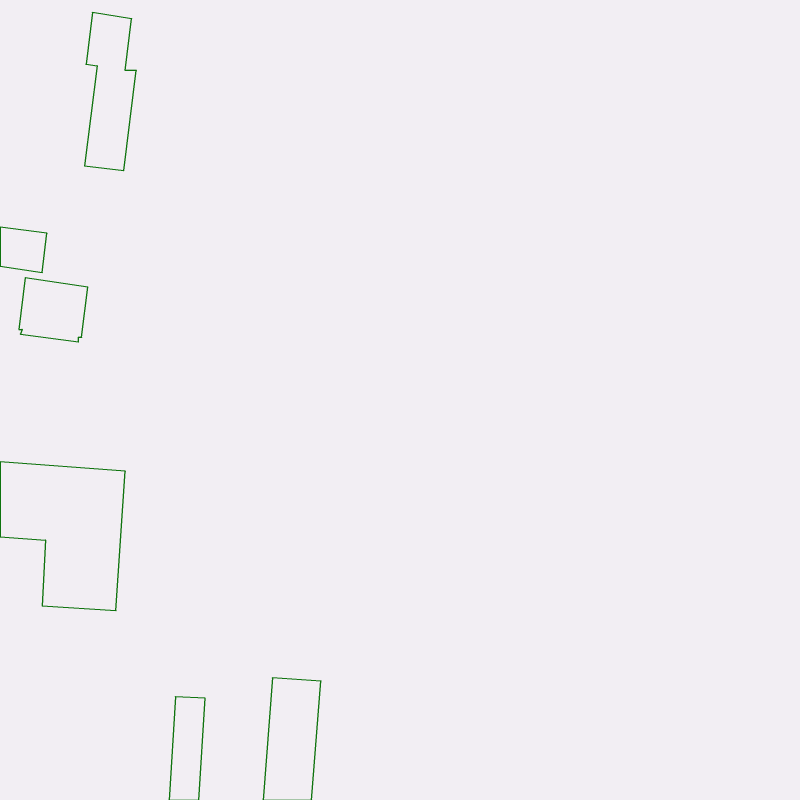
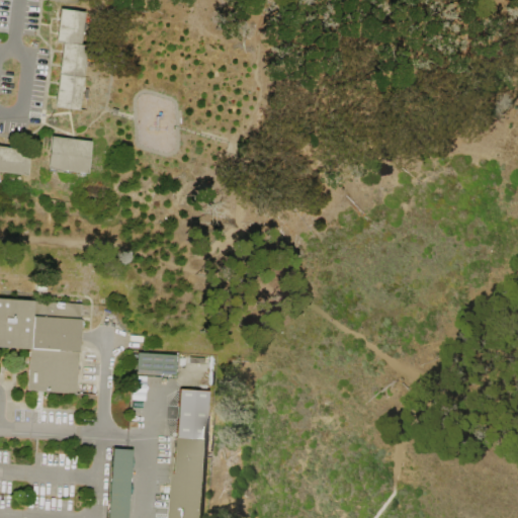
building: [19,278,88,342] -> [47,136,91,177]
building: none -> [137,353,177,375]
building: none -> [187,392,209,439]

